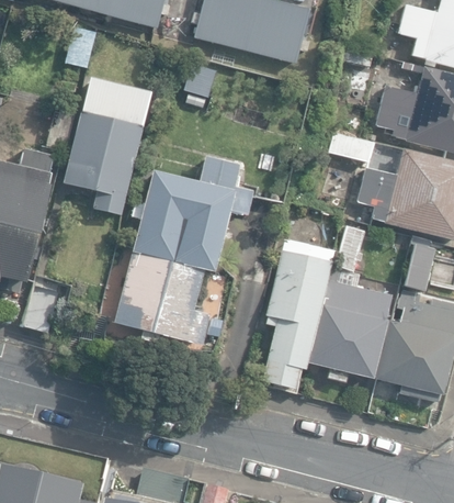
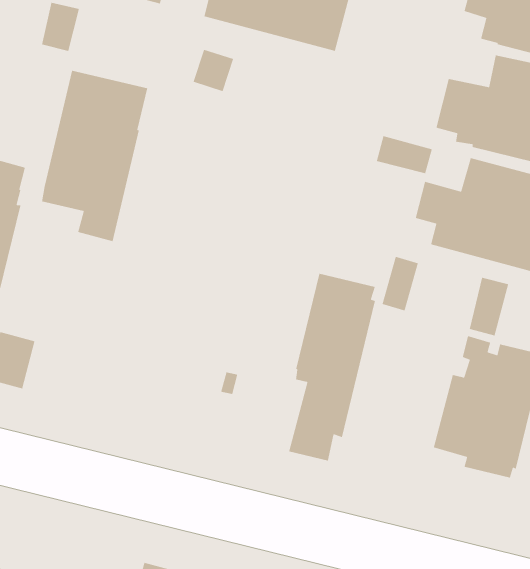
building: [115,157,251,345] -> none
building: [307,267,391,382] -> none

